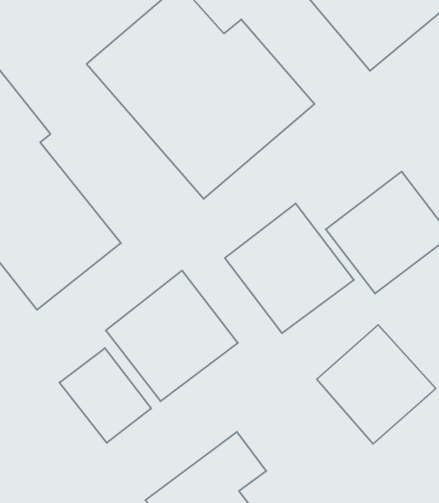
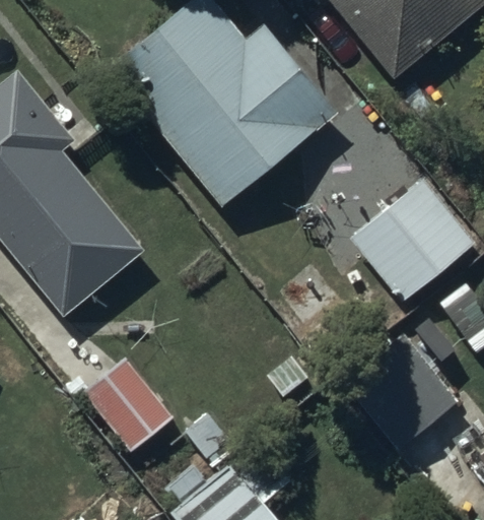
building: [225,203,354,333] -> none
building: [106,271,238,401] -> none

